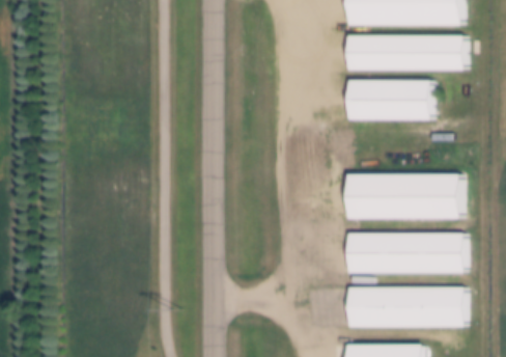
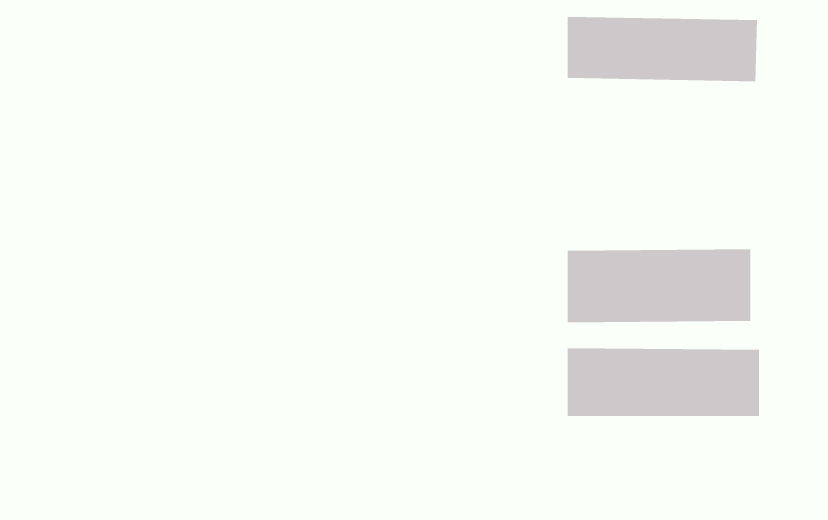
building: [349,80,429,119] -> none
building: [350,285,463,324] -> none

